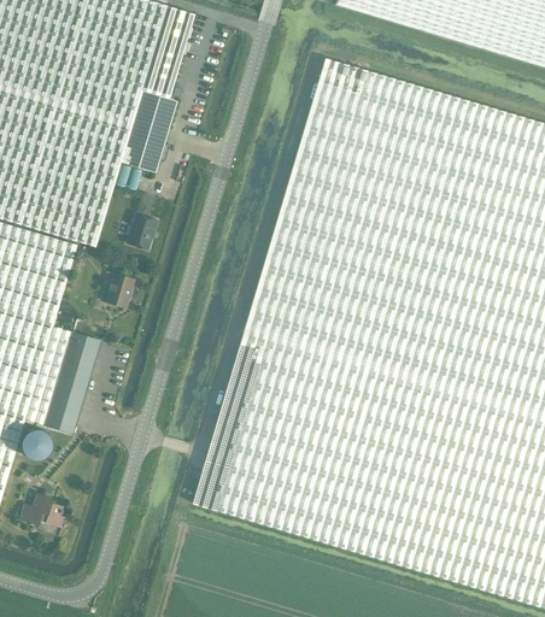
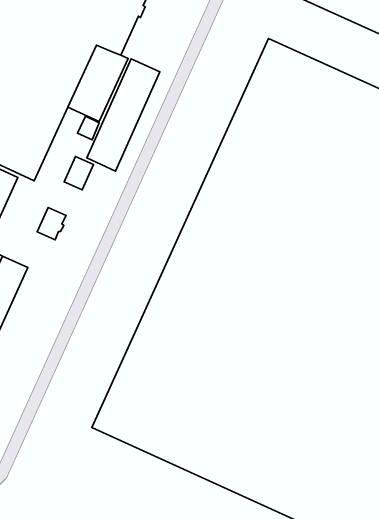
building: none -> [87,59,160,171]

